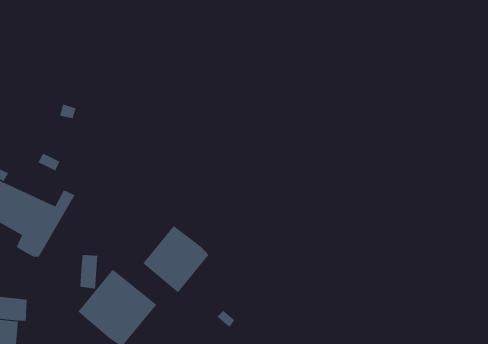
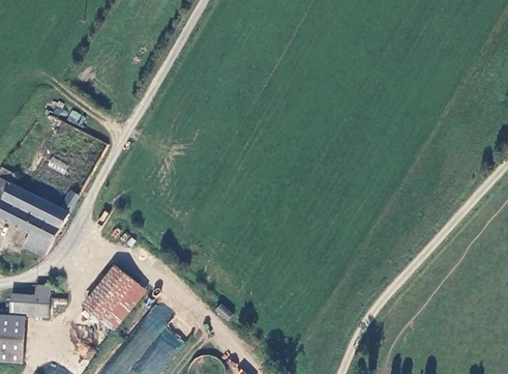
building: [142,225,209,293] -> none
building: [80,254,98,289] -> [32,284,50,317]

